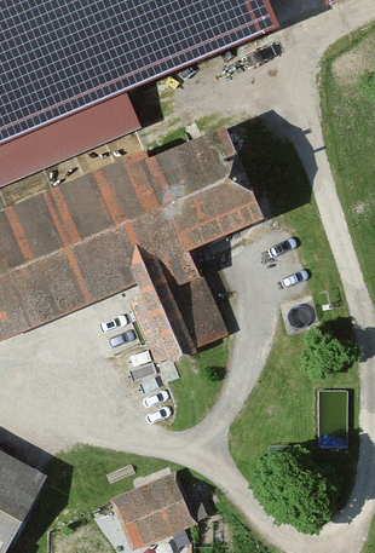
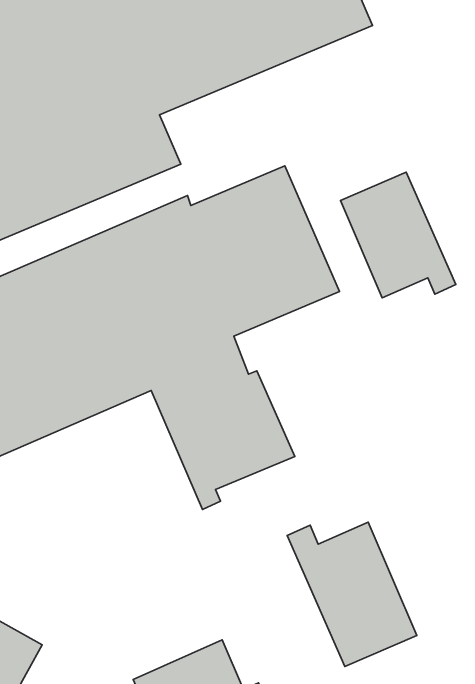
building: none -> [341,172,456,298]
building: none -> [287,522,417,667]

